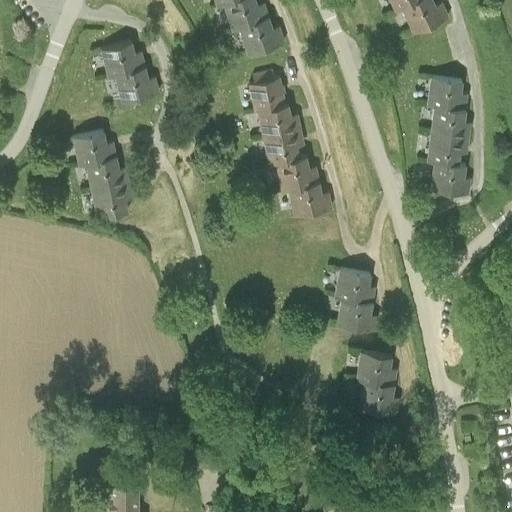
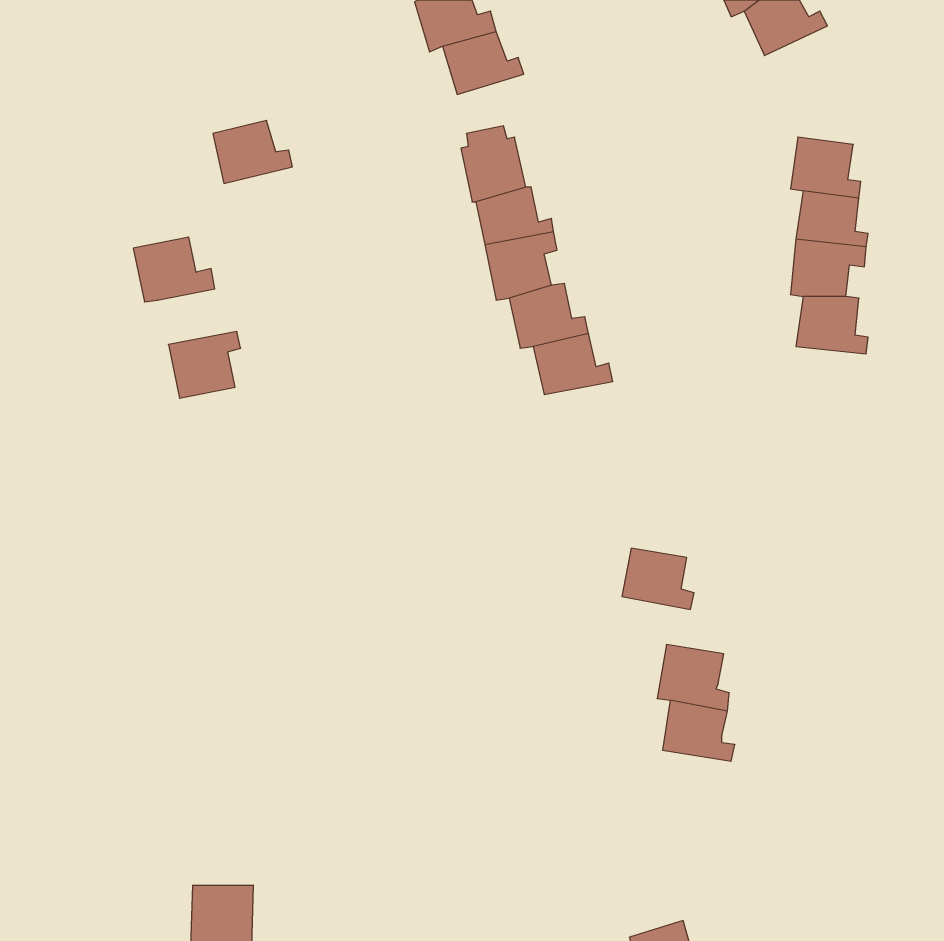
building: [102,41,145,77] -> none
building: [86,159,129,189] -> none
building: [335,268,374,304] -> none

